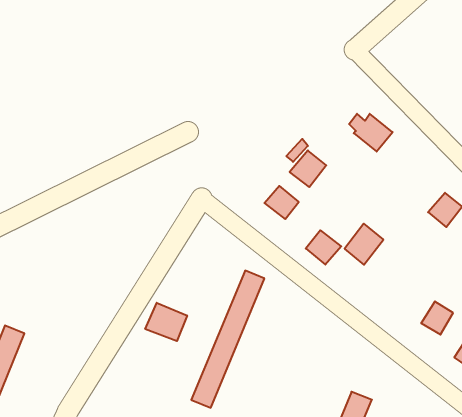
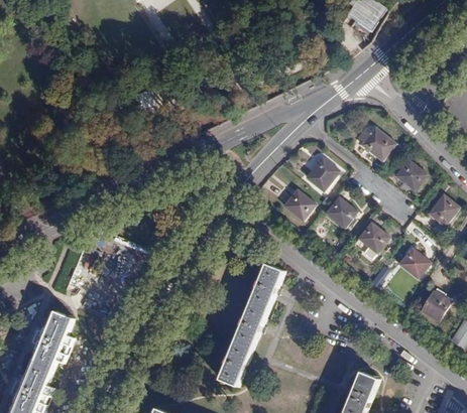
building: none -> [394,160,425,189]
building: [306,230,341,265] -> [325,197,356,228]
building: none -> [396,247,427,277]
building: [145,303,187,341] -> none

